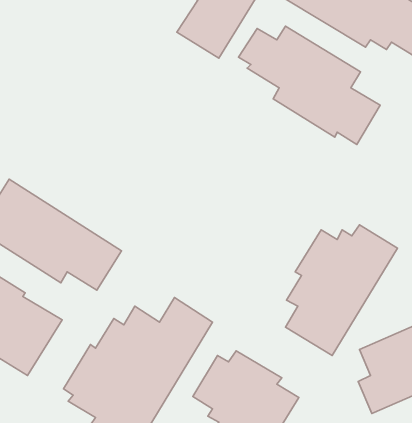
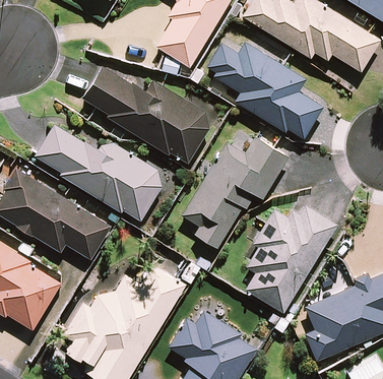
building: none -> [83,67,213,165]
building: none -> [34,125,167,219]
building: none -> [181,136,289,248]

